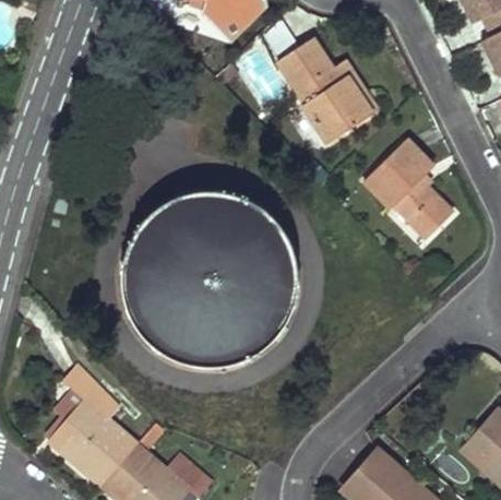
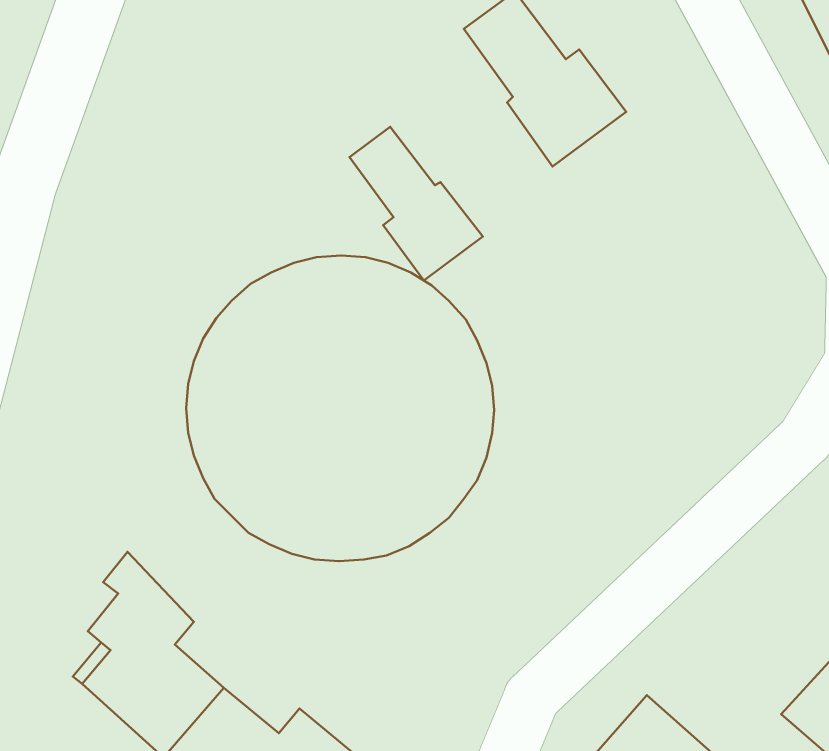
building: none -> [349,127,483,280]
building: [367,139,455,236] -> none

